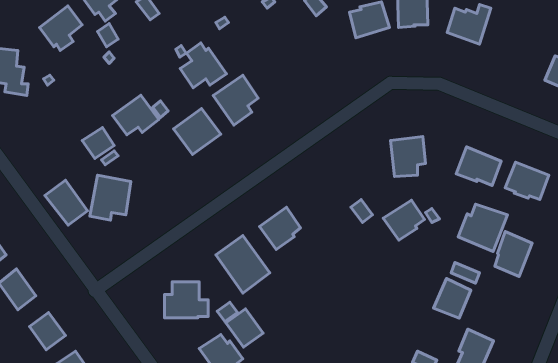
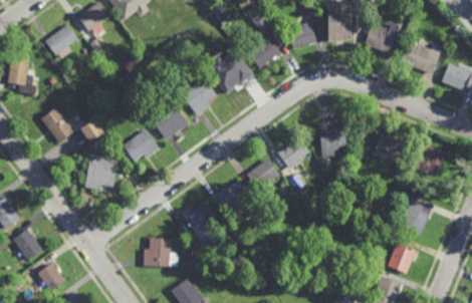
building: none -> [248,32,281,68]
building: none -> [399,42,442,73]
building: [180,43,226,88] -> [214,52,250,87]
building: [113,95,159,135] -> [123,129,159,161]
building: none -> [246,159,279,193]
building: [45,180,87,225] -> [40,106,73,141]
building: [383,200,424,240] -> [277,137,309,169]
building: [458,204,507,252] -> none
building: [434,278,471,318] -> [385,243,414,274]
building: [226,309,263,347] -> none

